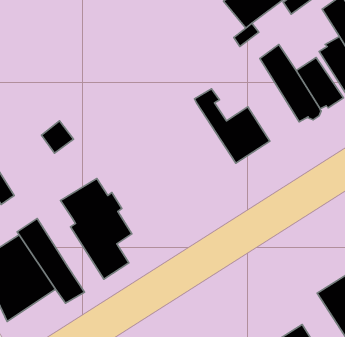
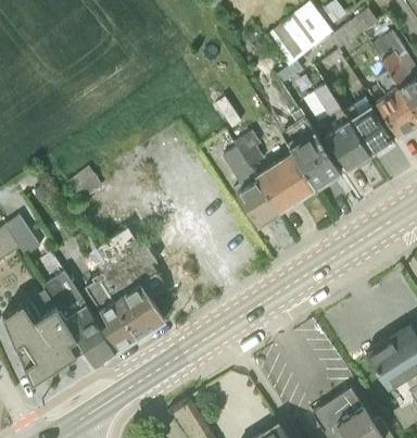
building: none -> [281,111,342,189]
building: none -> [224,148,279,227]
building: none -> [87,273,137,352]

